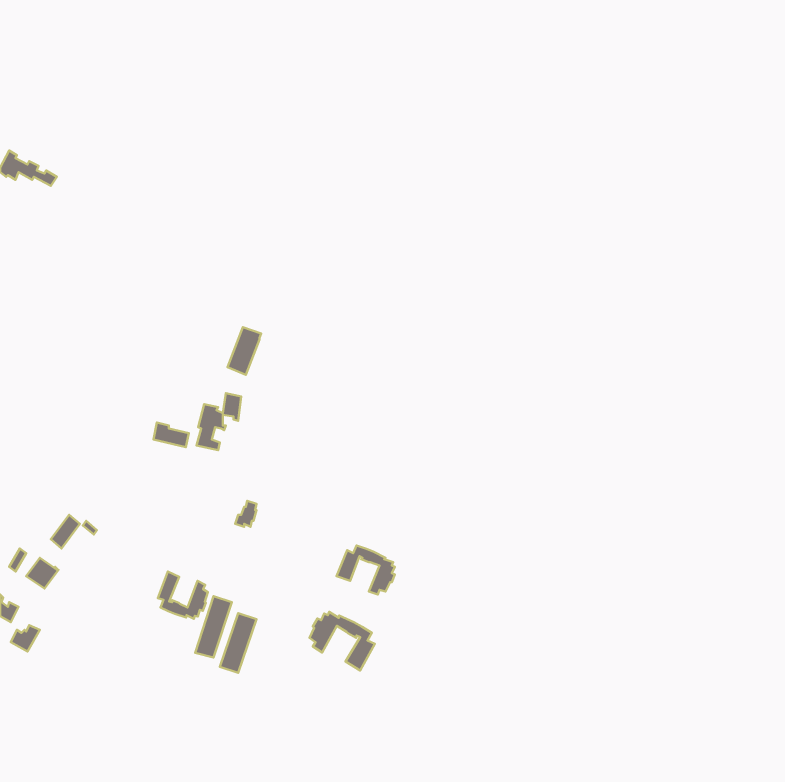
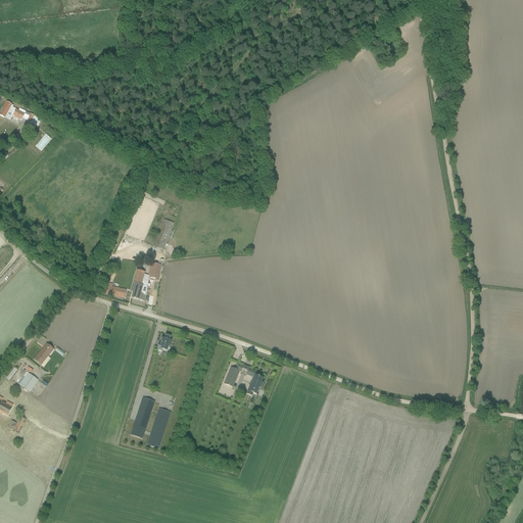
building: [158,571,208,619] -> none
building: [310,612,375,671] -> none

